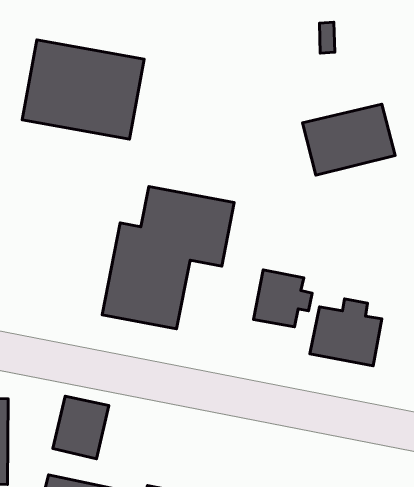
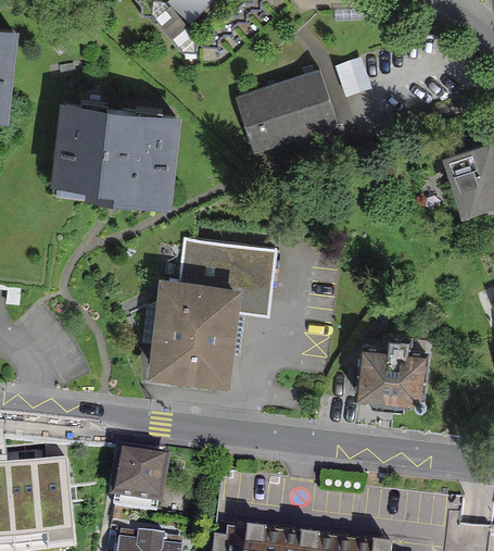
building: [303,104,395,175] -> [240,74,333,149]
building: [254,270,312,327] -> none

